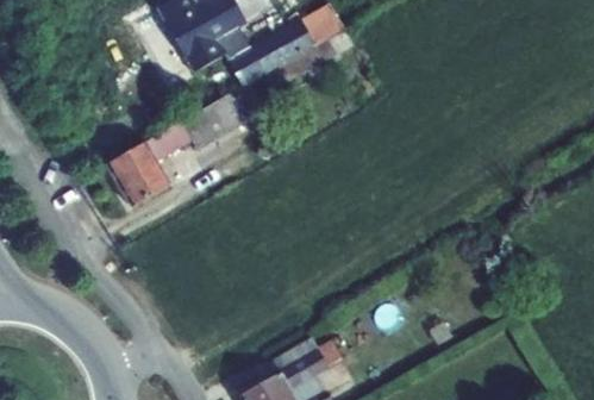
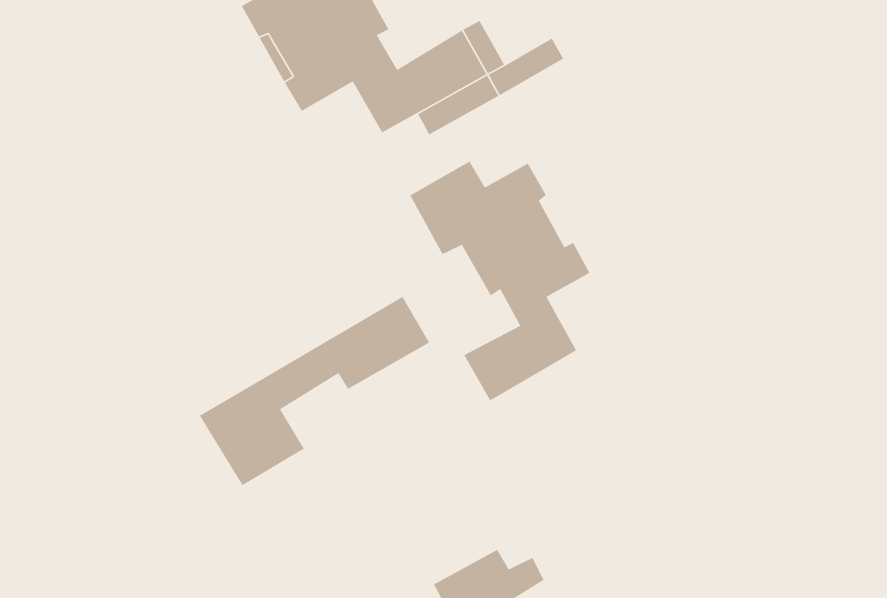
building: [107,90,248,206] -> [199,296,430,486]
building: none -> [409,161,590,402]

